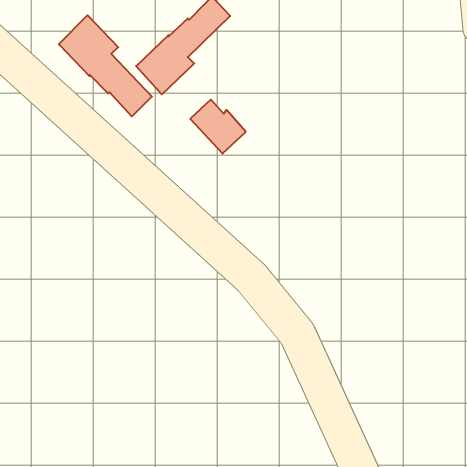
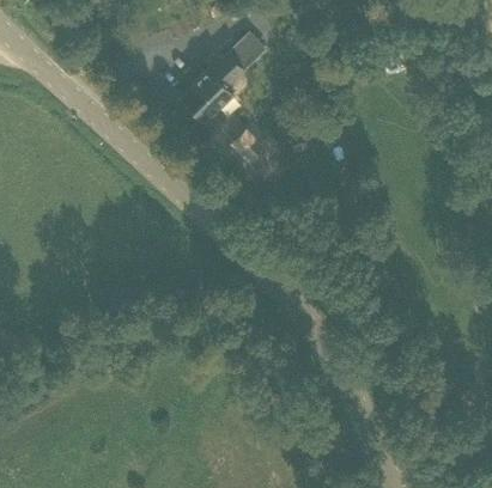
building: [59,15,152,116] -> none

